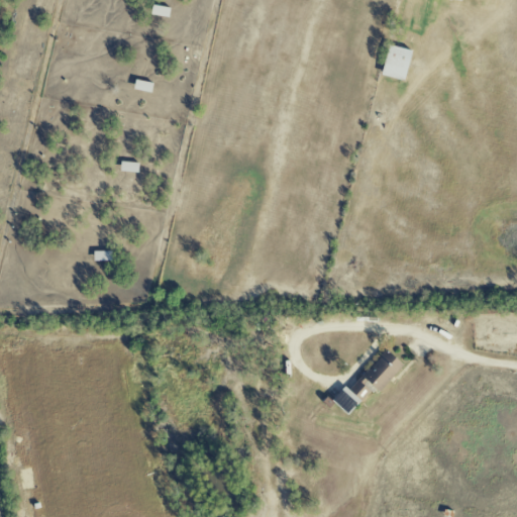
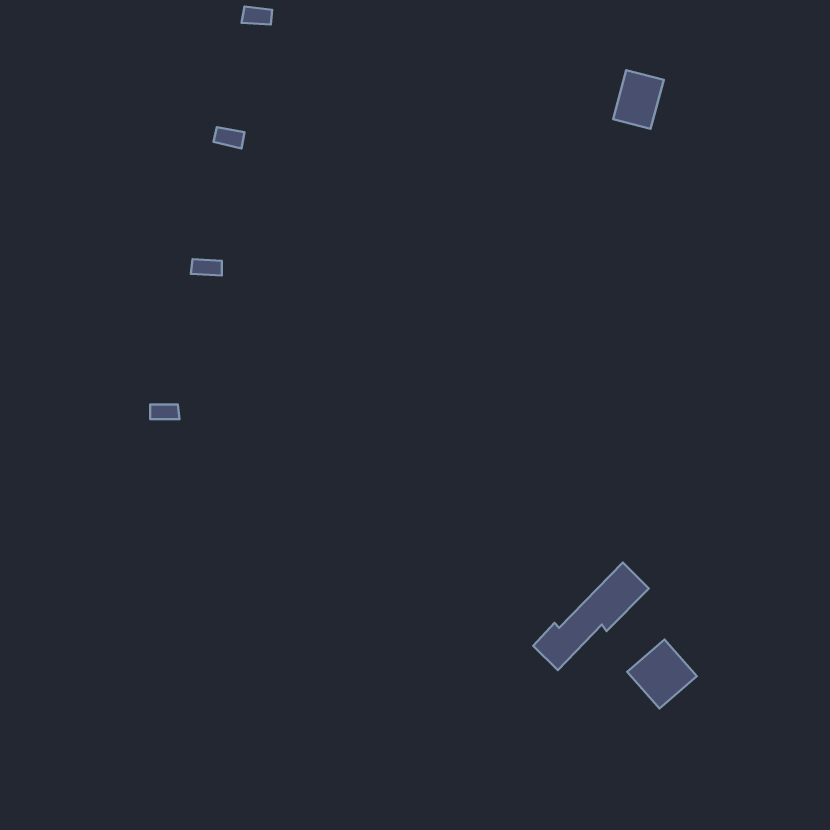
building: none -> [627,639,697,709]

